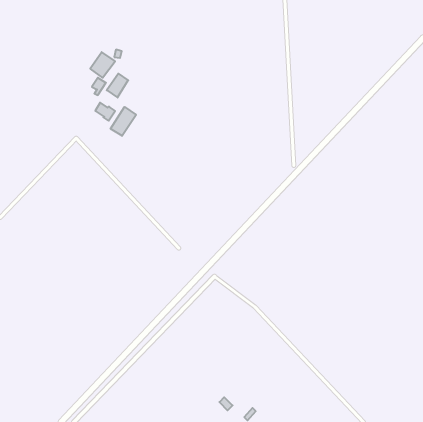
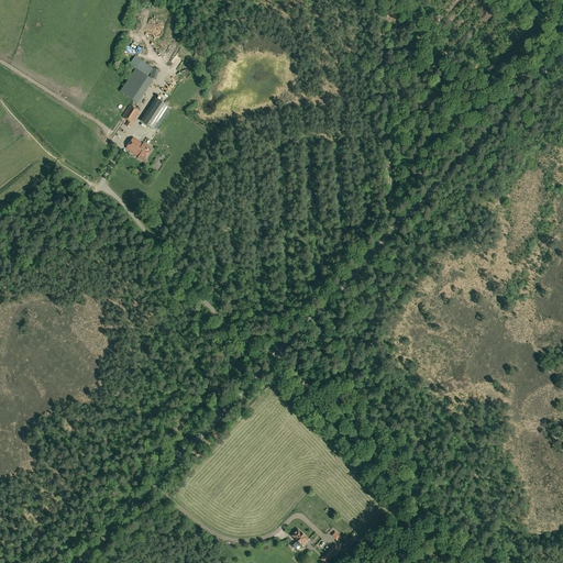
building: [111,107,136,136] -> none

